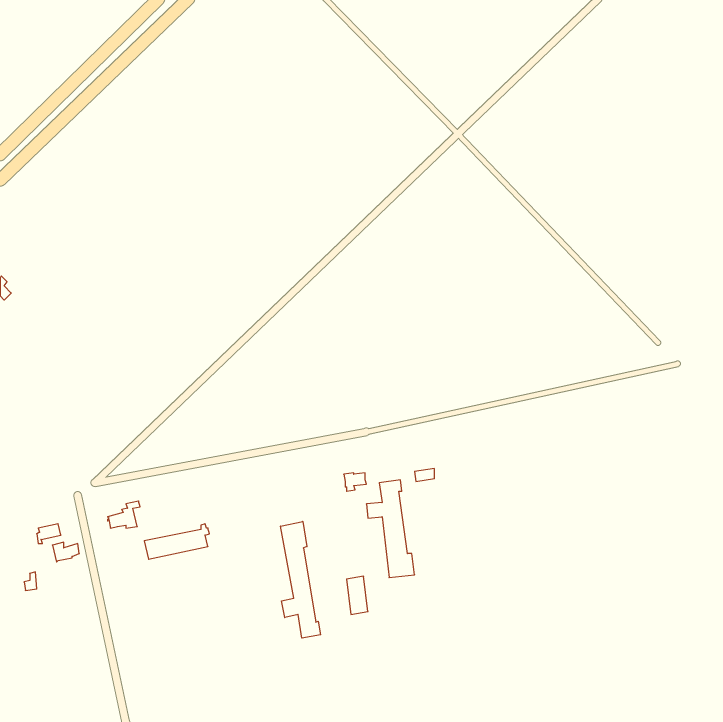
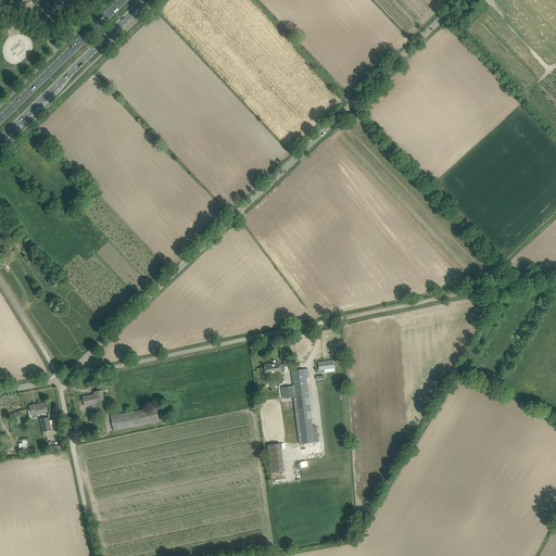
building: [281,521,321,638] -> none

